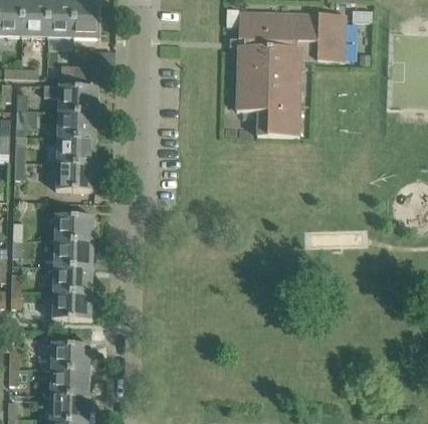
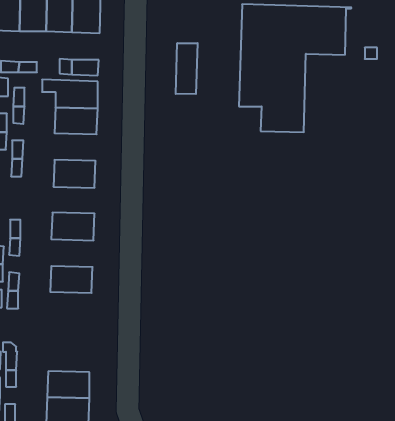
building: none -> [176,43,198,94]
building: [55,137,96,164] -> none
building: [52,240,93,267] -> none
building: [50,291,91,319] -> none
building: [49,342,90,370] -> none

